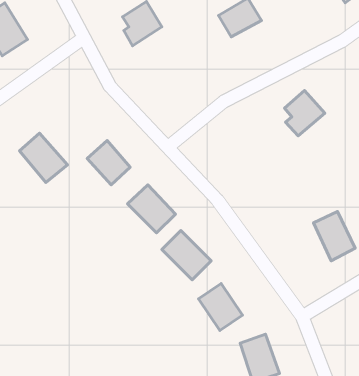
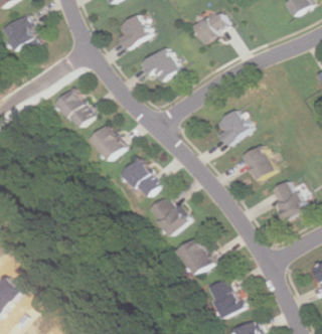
building: none -> [140,47,179,84]
building: [284,90,325,136] -> [216,110,249,146]
building: [19,133,67,183] -> [56,89,95,128]
building: none -> [243,146,275,181]

